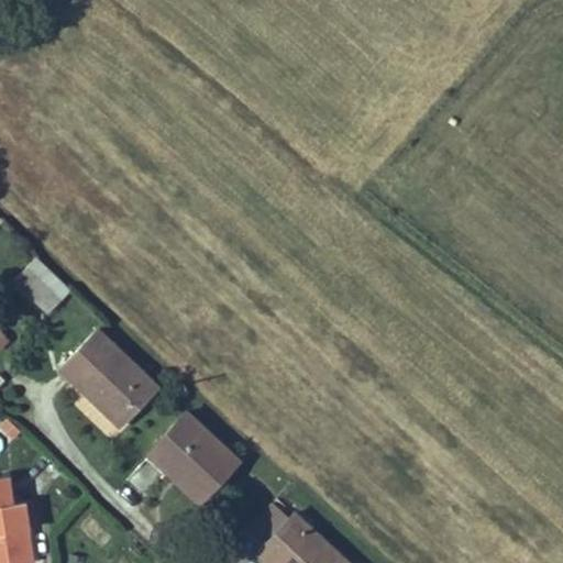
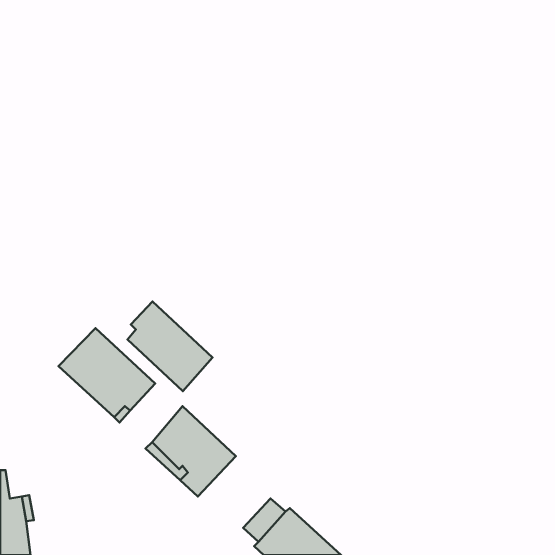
building: [14,260,69,314] -> none
building: none -> [127,302,213,391]

